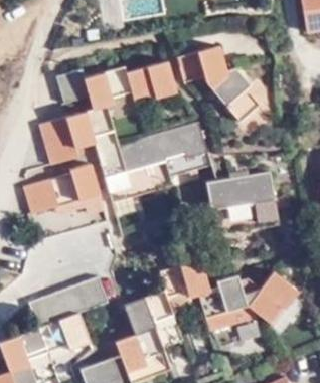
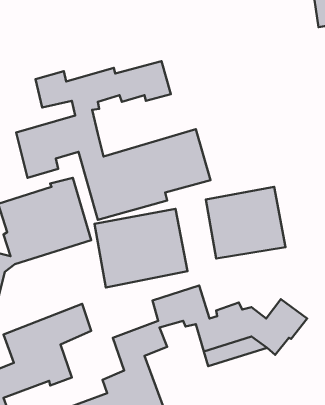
building: [177,46,258,120] -> none
building: none -> [95,209,188,288]

